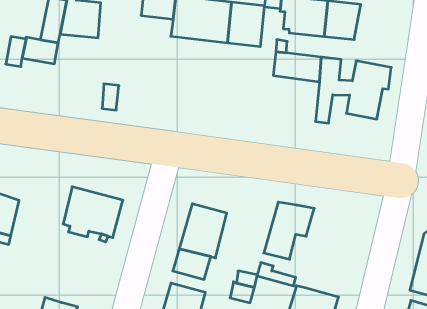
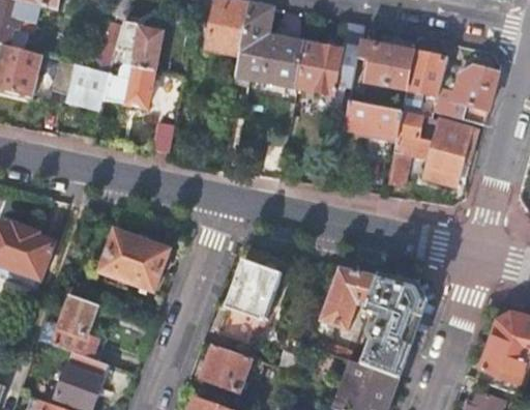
building: none -> [435,63,500,123]
building: none -> [104,61,183,107]
building: none -> [361,277,425,378]
building: none -> [37,295,97,358]

